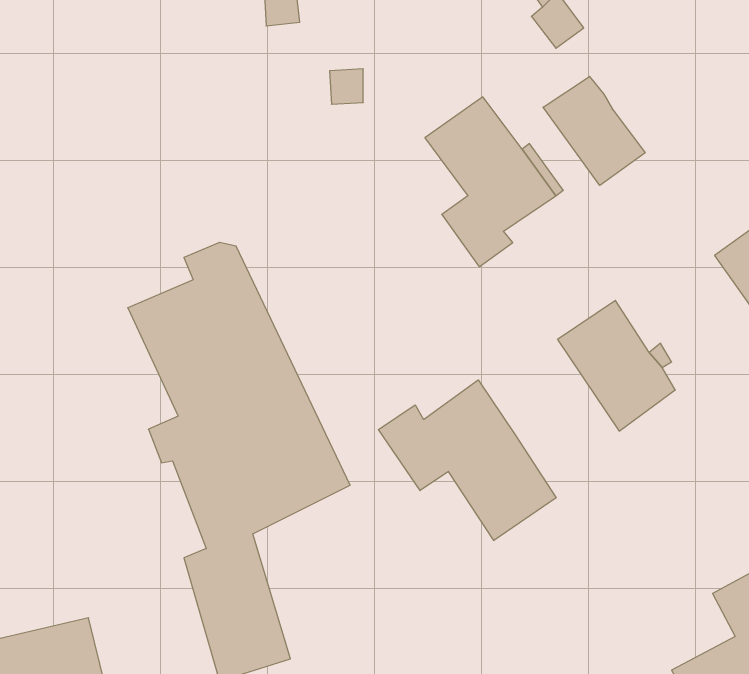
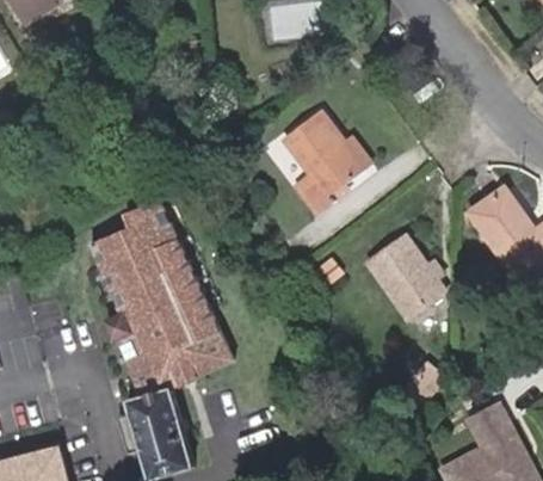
building: [543,76,645,185] -> none
building: [378,380,556,541] -> none

